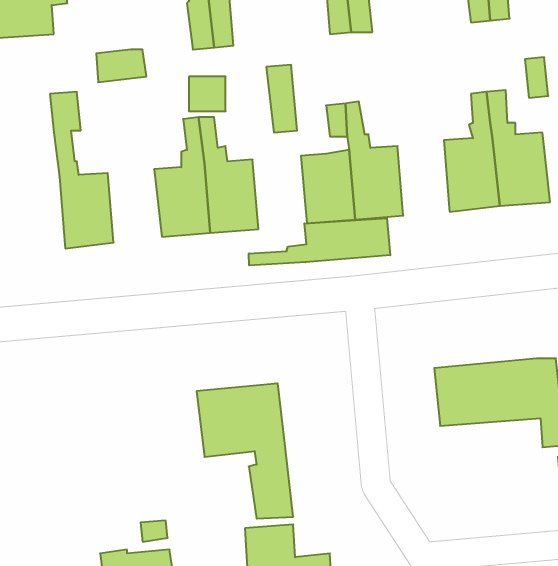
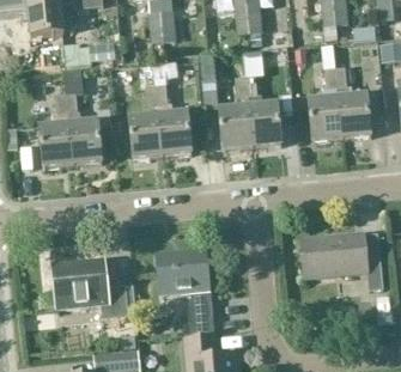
building: none -> [38,93,72,167]
building: [249,218,390,265] -> none
building: none -> [50,258,127,319]

